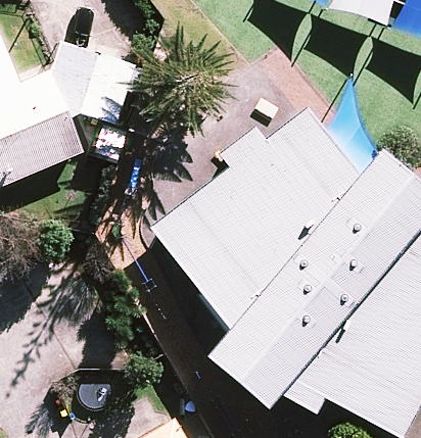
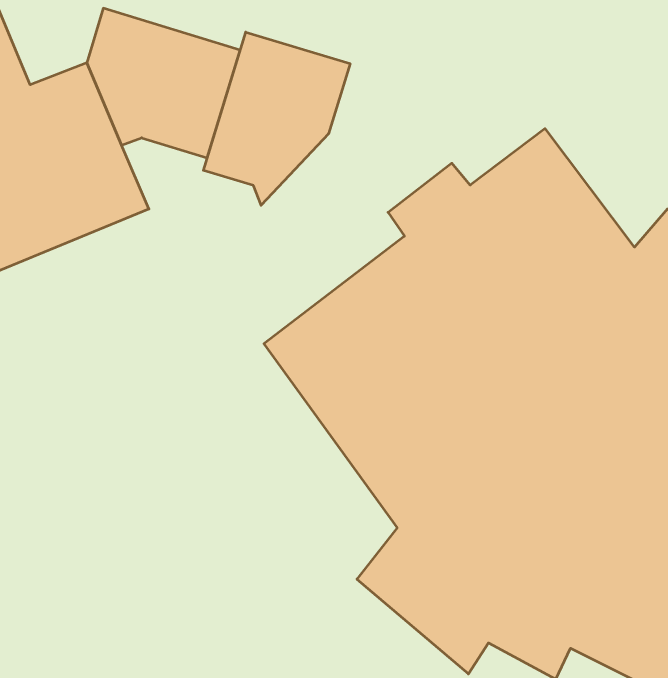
building: none -> [203,32,350,205]

